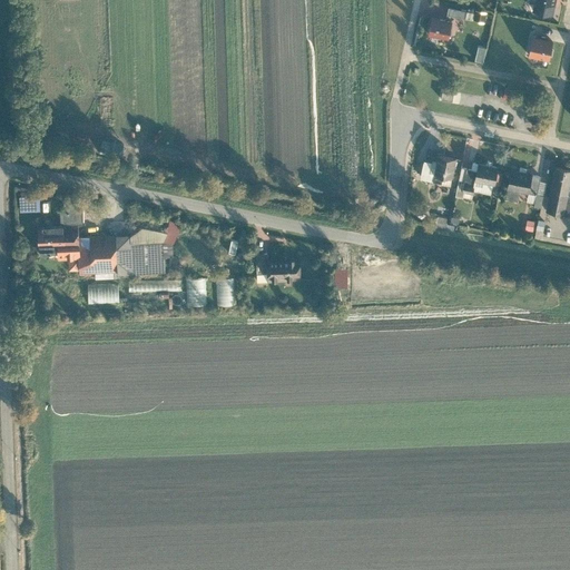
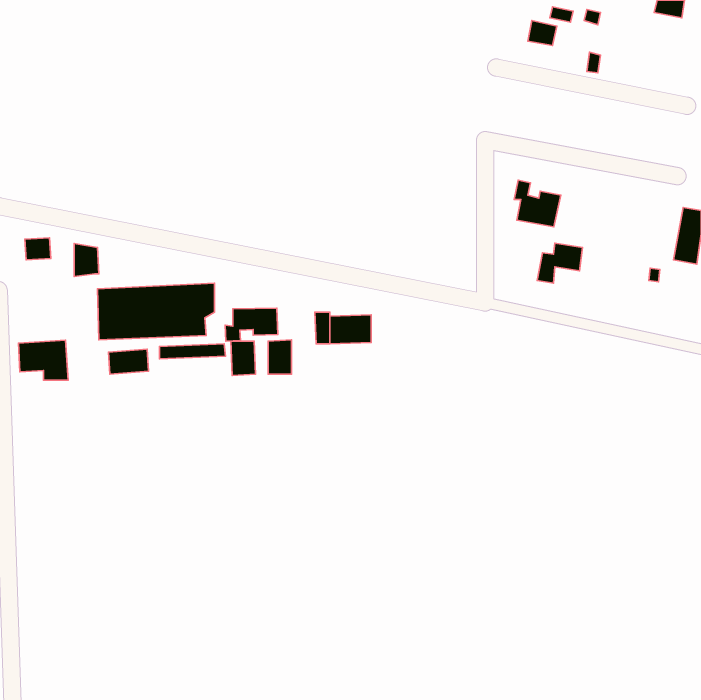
building: [525,38,552,61] -> none
building: [460,164,497,196] -> [537,243,582,283]
building: [505,173,539,204] -> none
building: [39,227,79,259] -> [19,340,68,380]
building: none -> [225,308,278,341]

